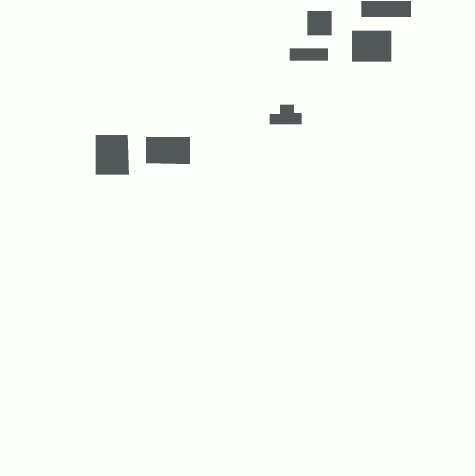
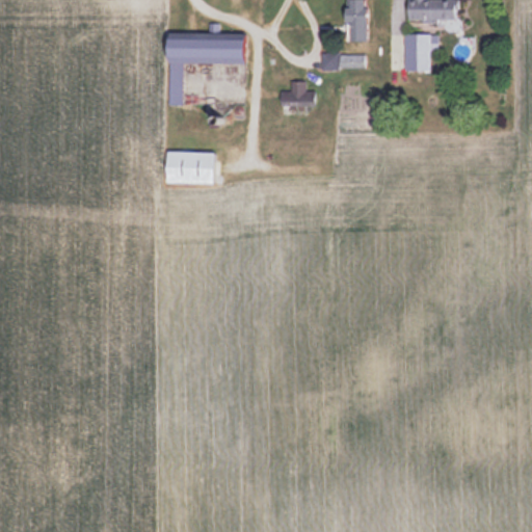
building: none -> [162,24,247,104]
building: [269,104,302,125] -> [280,81,317,105]
building: [95,134,130,175] -> none

